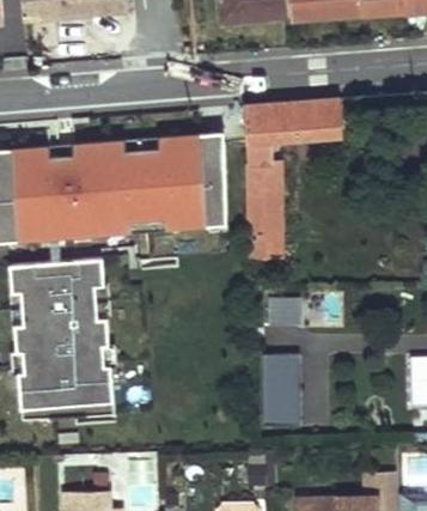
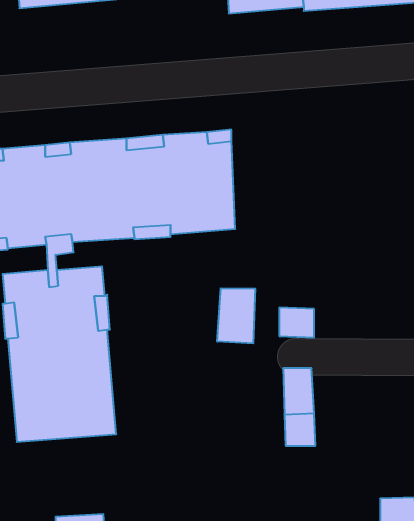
building: [243,99,342,256] -> none
building: none -> [217,288,255,343]

